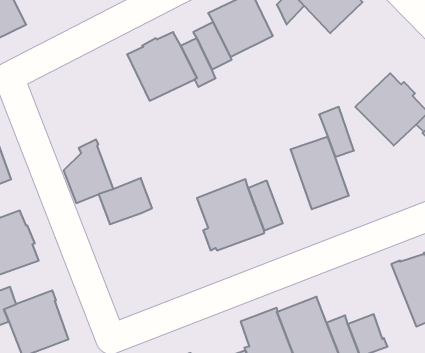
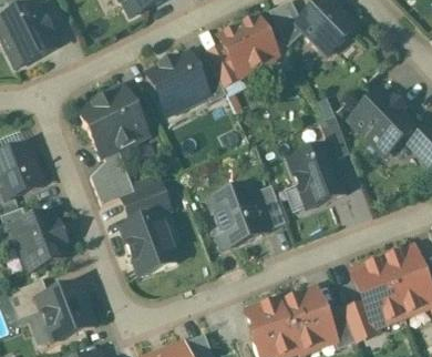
building: none -> [78,84,146,156]
building: none -> [121,213,176,275]
building: none -> [353,258,403,325]

